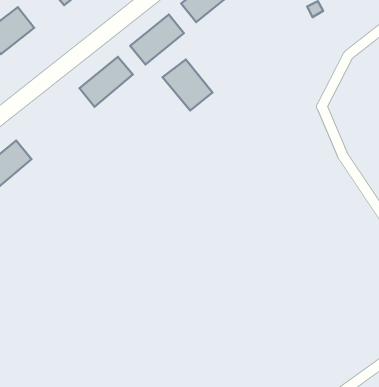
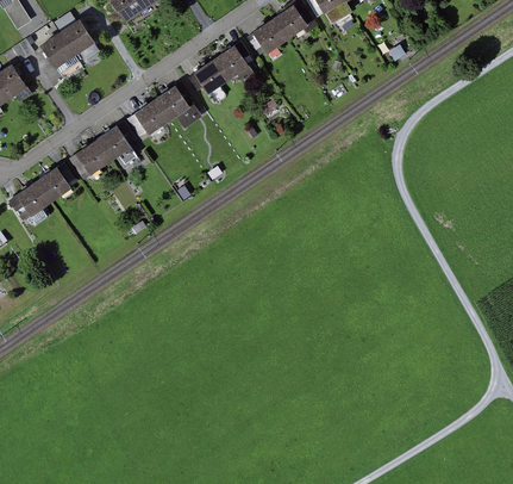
building: [162,60,212,111] -> none
building: none -> [75,124,133,176]

